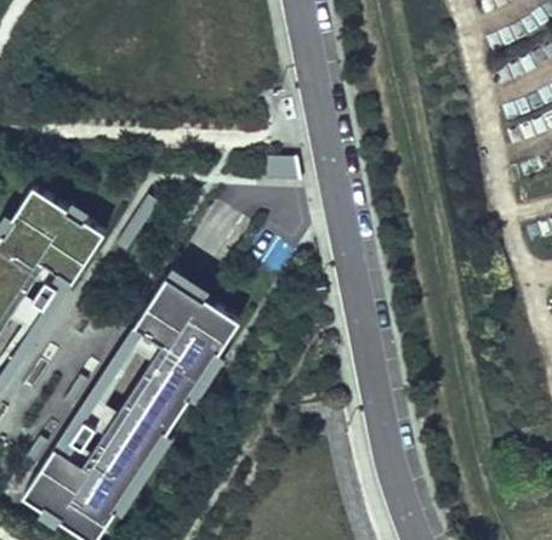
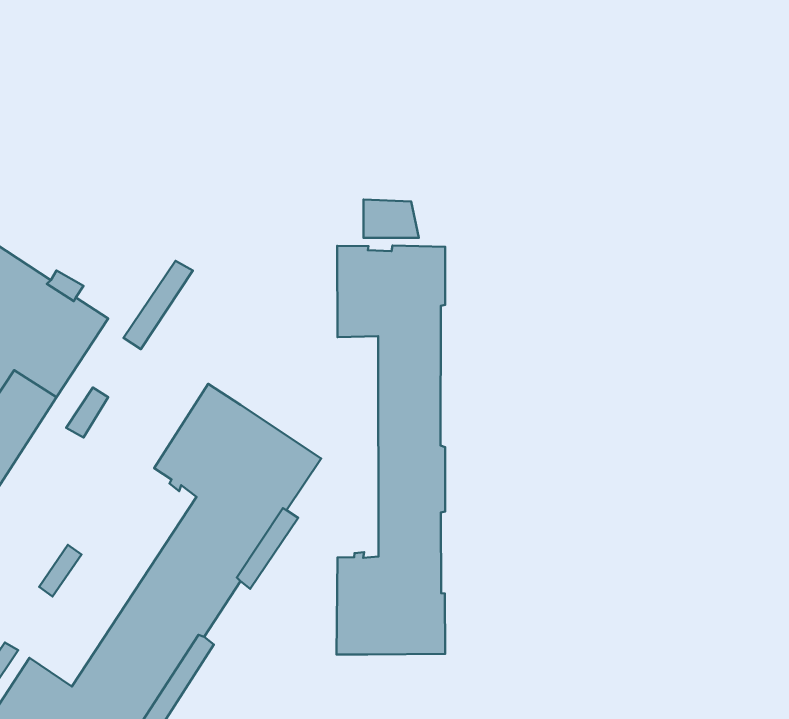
building: none -> [336,245,445,655]
building: [53,329,159,467] -> none

